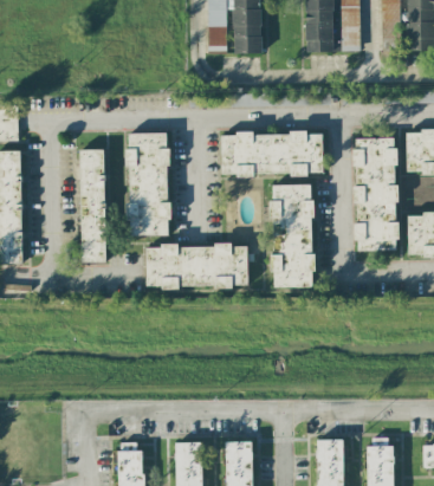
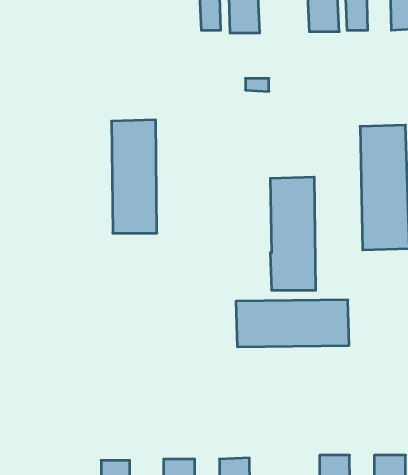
building: [221,134,323,175] -> none
building: [80,149,106,263] -> none
building: [145,245,248,287] -> [236,300,349,347]

